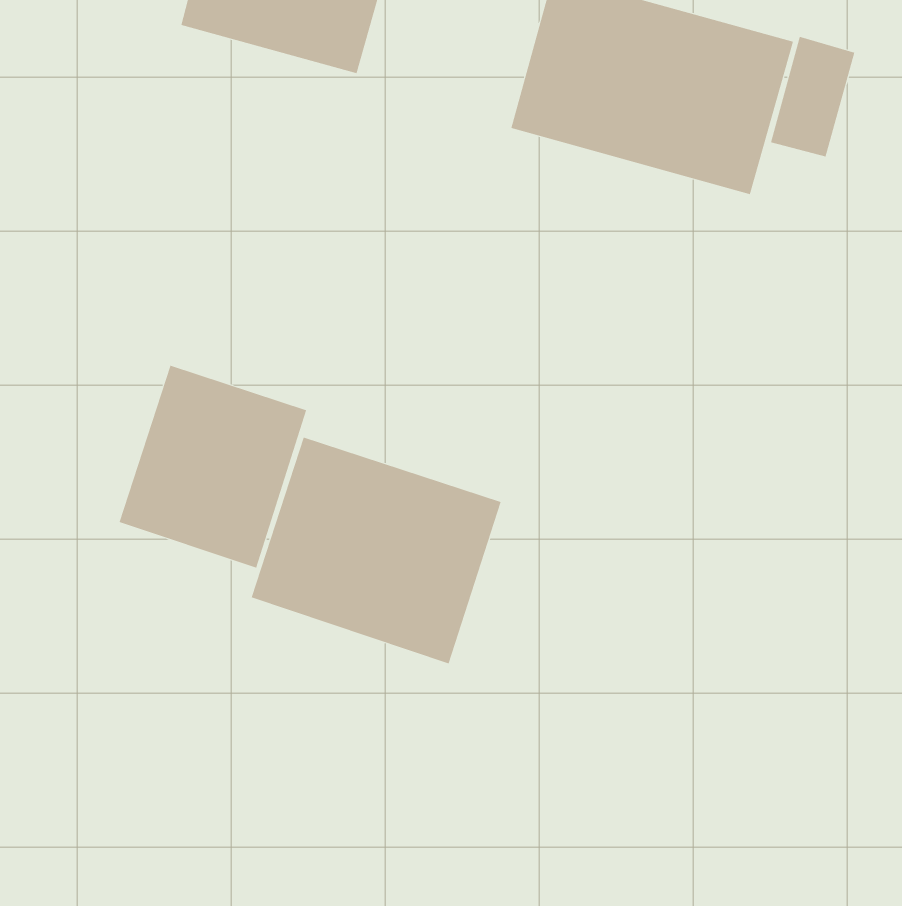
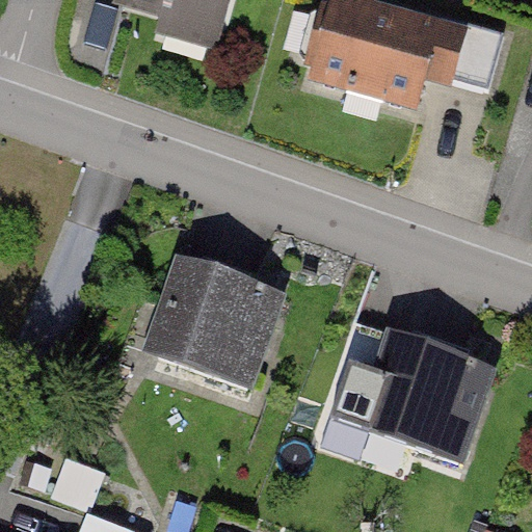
building: [119,365,307,568] -> none
building: none -> [350,327,498,464]

